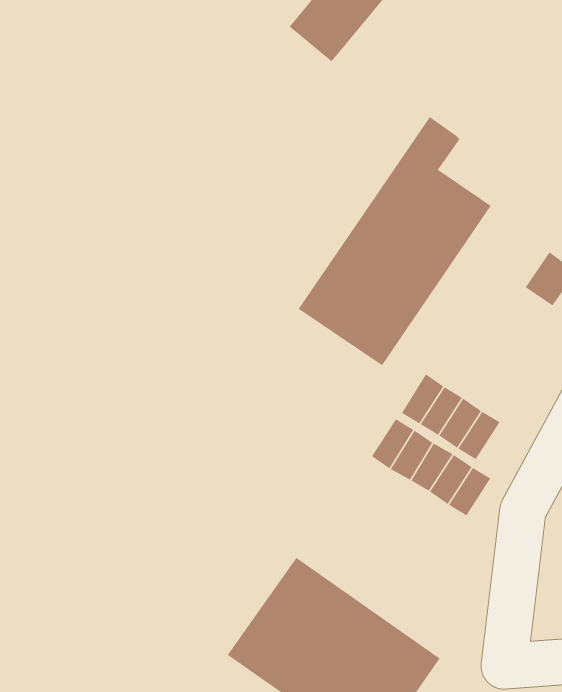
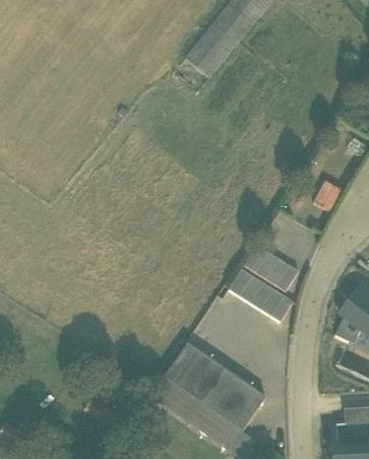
building: [298,116,491,366] -> none

